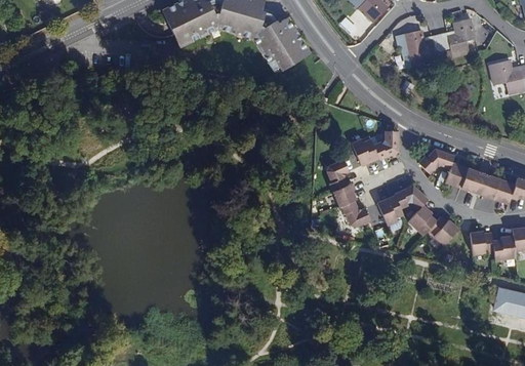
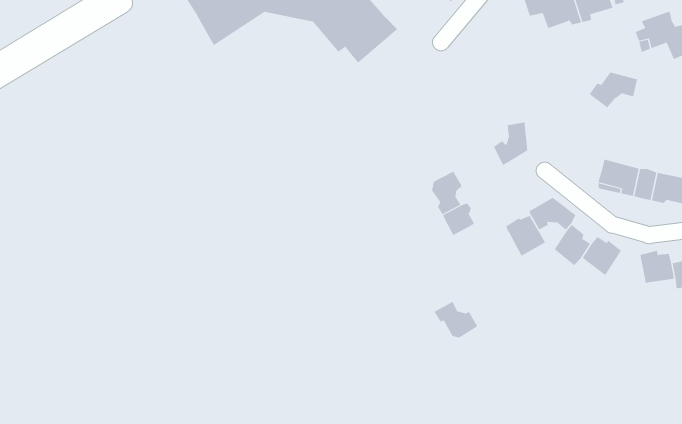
building: [351,134,378,166] -> none
building: [417,148,453,173] -> [589,72,638,108]
building: [338,199,369,226] -> [434,301,478,338]

